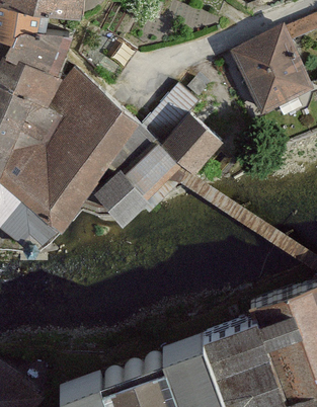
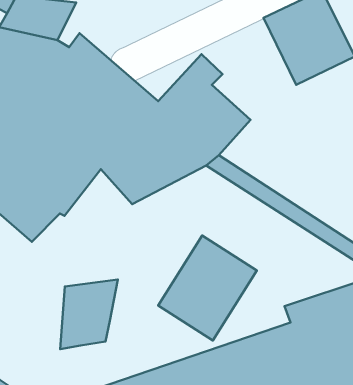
building: none -> [158,235,257,340]
building: none -> [60,280,118,349]

